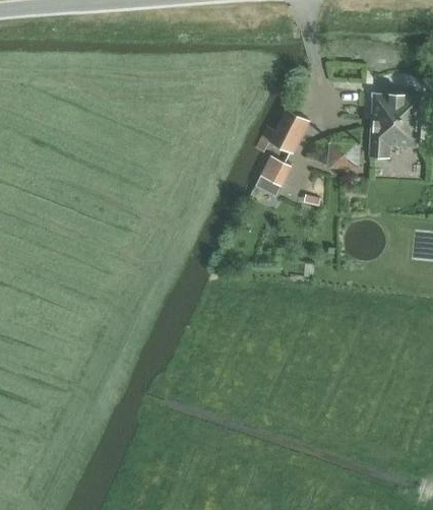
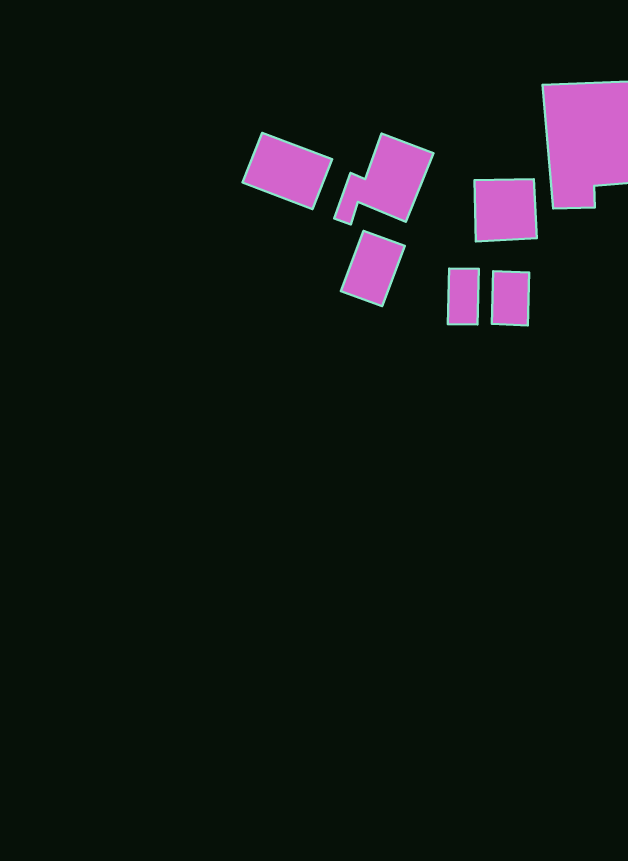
building: none -> [242,133,332,209]
building: none -> [492,271,529,325]

